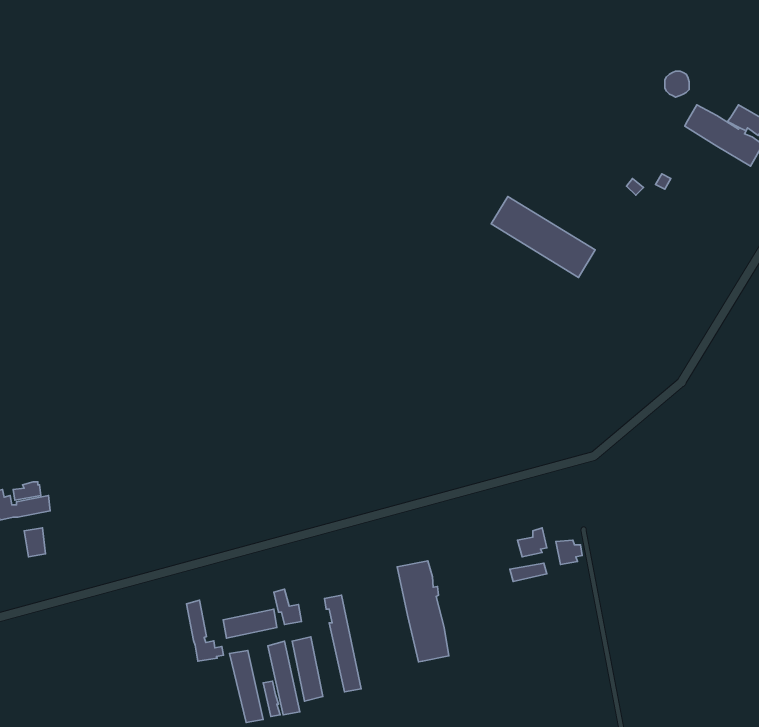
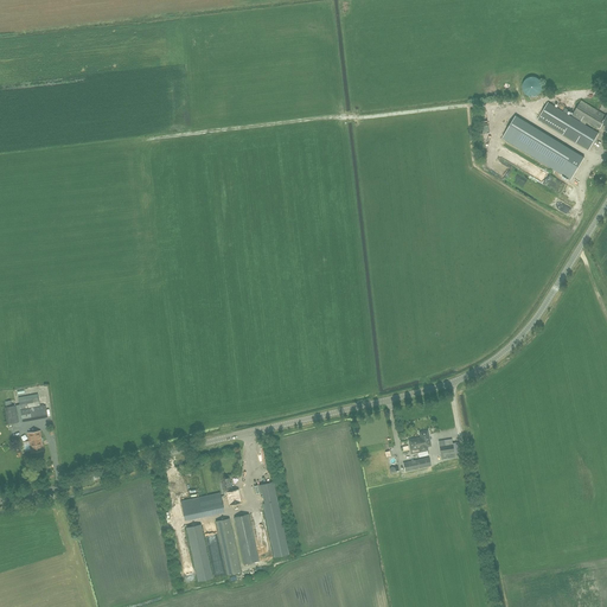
building: [491,196,595,278] -> [503,116,583,179]
building: [397,561,449,662] -> none
building: [186,600,223,661] -> none

